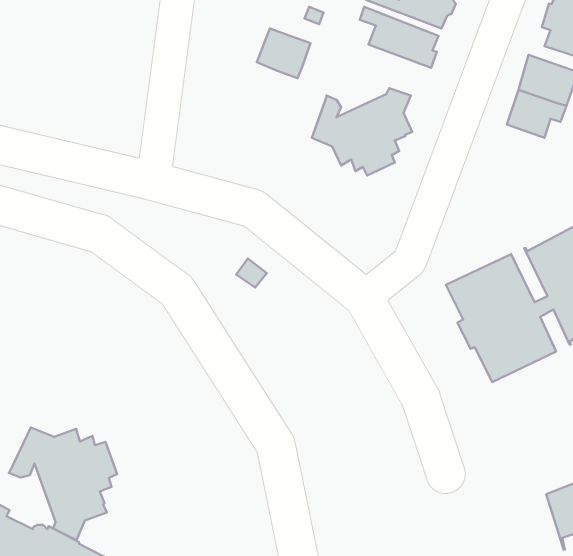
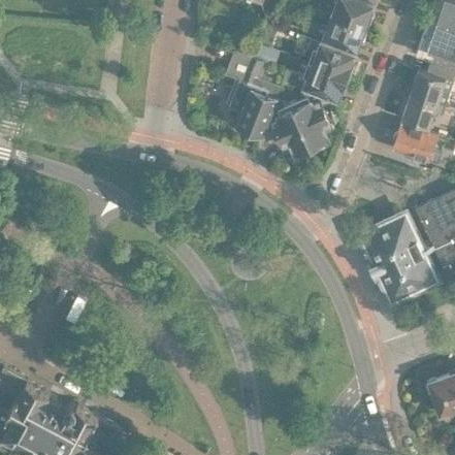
building: none -> [282,64,349,101]
building: none -> [230,80,279,136]
building: none -> [392,125,444,164]
building: [9,428,117,540] -> none

